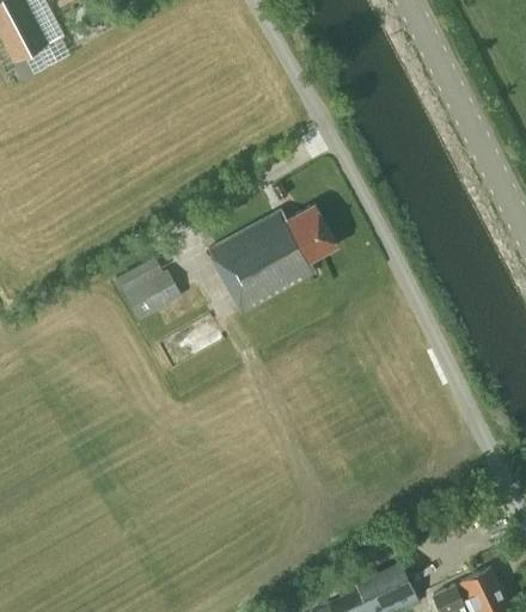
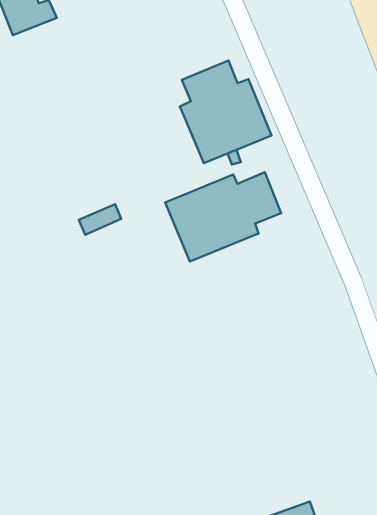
building: none -> [180,60,272,163]
building: [124,270,181,319] -> none

